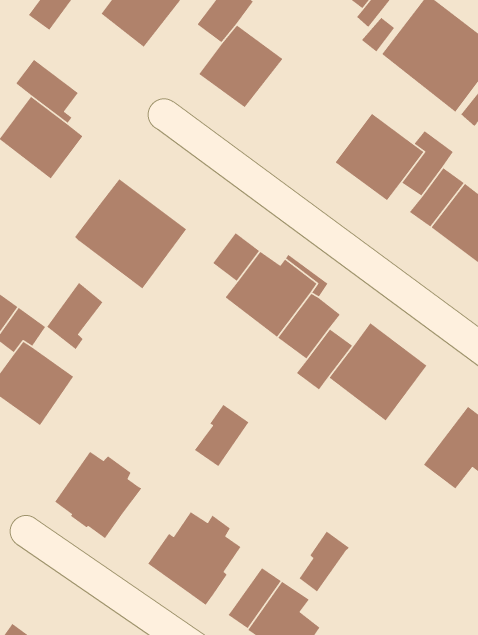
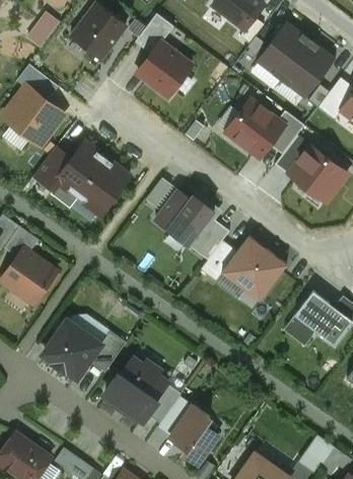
building: [46,282,104,350] -> [34,147,72,191]
building: [194,404,249,467] -> [88,331,125,373]
building: [299,530,350,592] -> [147,384,181,424]

